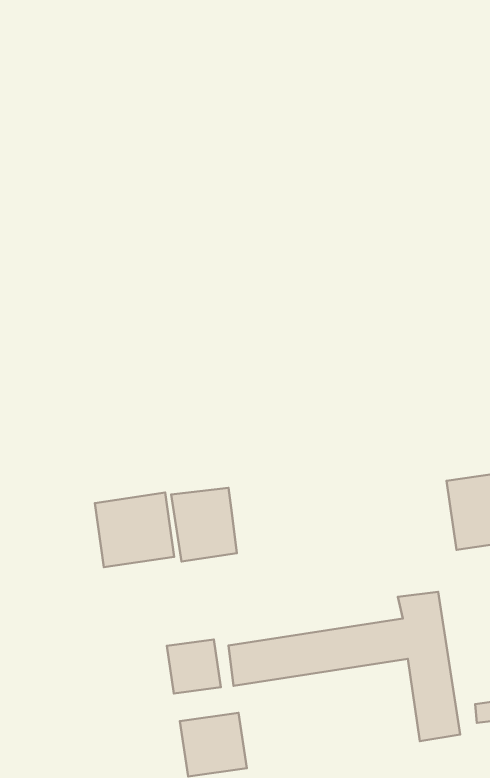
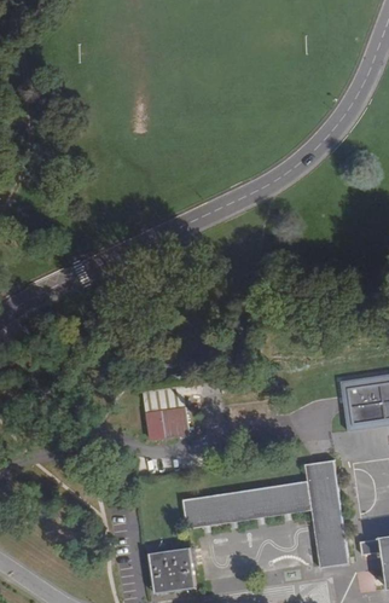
building: [95,493,174,567] -> none
building: [167,640,221,693] -> none

